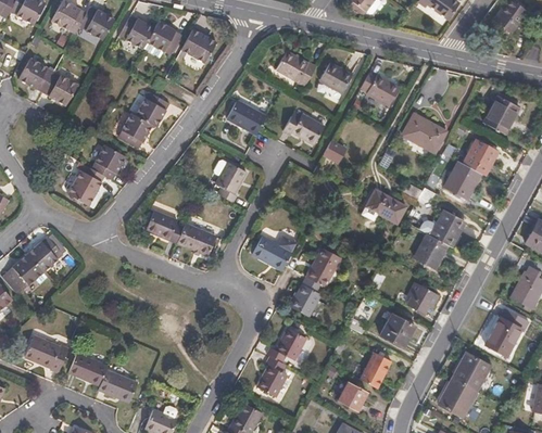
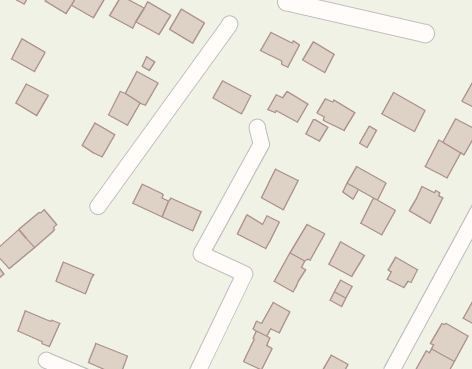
building: [42,72,76,104] -> [16,84,48,116]
building: [360,73,399,105] -> [317,99,355,131]
building: [214,160,243,201] -> none
building: [67,164,103,204] -> none
building: none -> [261,169,298,210]
building: [411,232,446,270] -> [361,198,395,235]
building: [379,314,416,349] -> [329,242,365,277]
building: [360,353,391,389] -> none
building: [68,355,108,387] -> [56,262,94,294]

